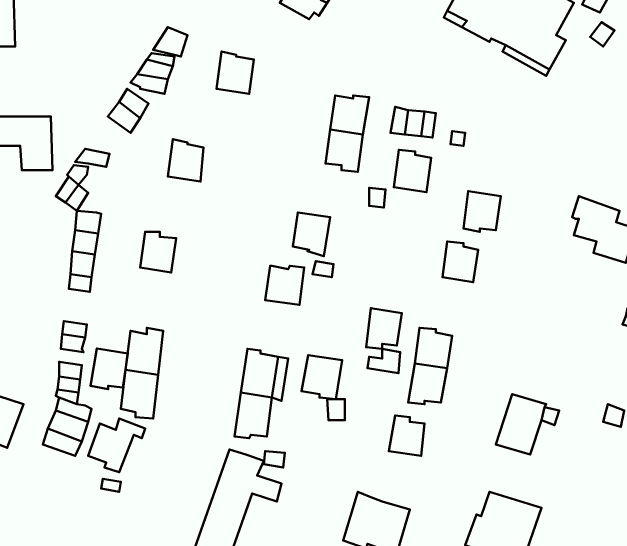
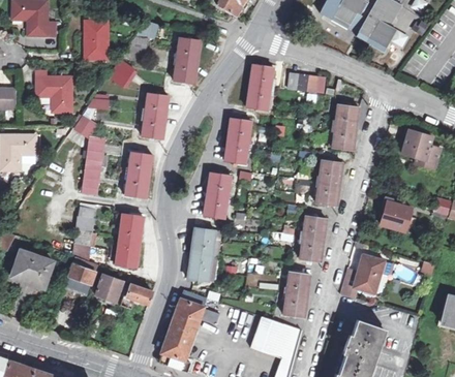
building: none -> [84,20,107,59]
building: none -> [174,60,198,86]
building: [394,150,431,192] -> [337,101,361,128]
building: none -> [143,116,166,142]
building: none -> [229,116,252,142]
building: [366,308,402,349] -> [317,180,340,206]
building: none -> [383,200,413,230]
building: [90,348,128,389] -> [124,174,148,199]
building: [302,355,342,399] -> [204,194,230,222]
building: none -> [121,276,154,309]
building: none -> [282,290,307,316]

